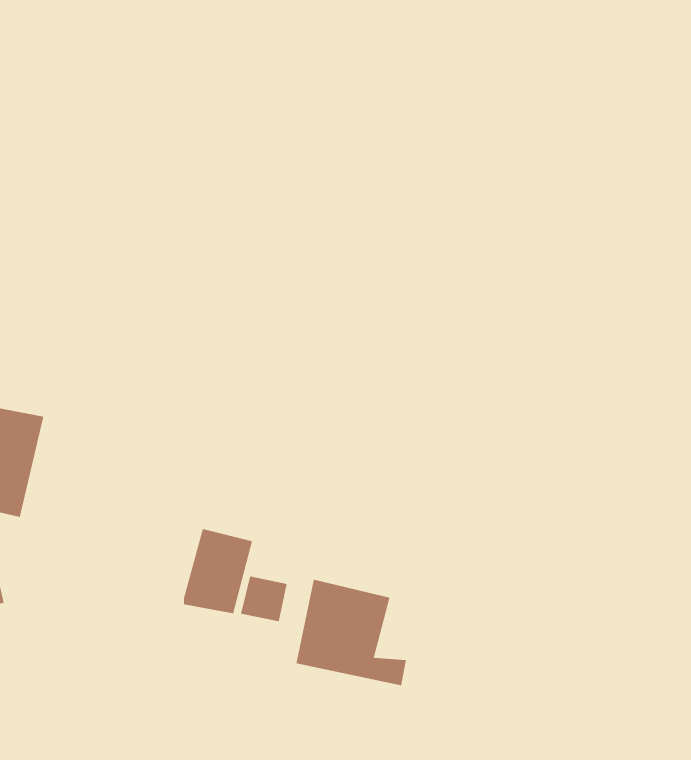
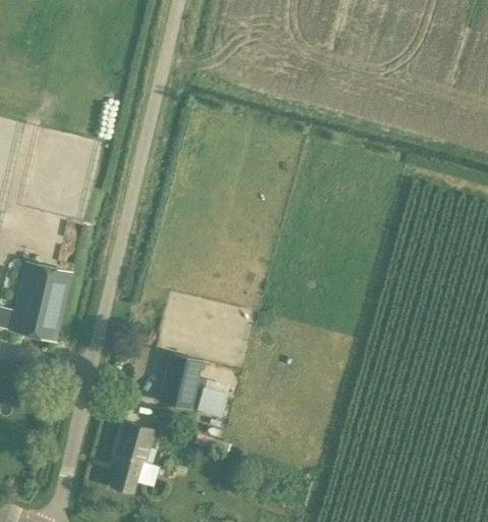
building: [296,579,406,686] -> none
building: none -> [109,420,154,490]

